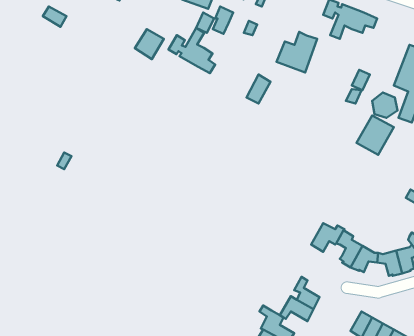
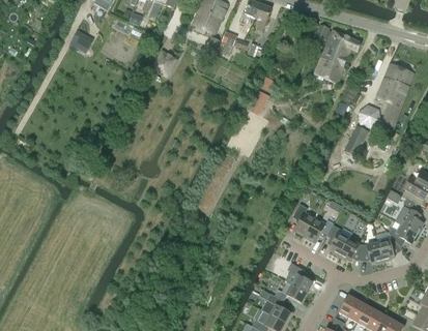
building: [168,28,215,73] -> none
building: [276,32,317,72] -> [314,48,349,83]
building: none -> [292,204,315,237]

